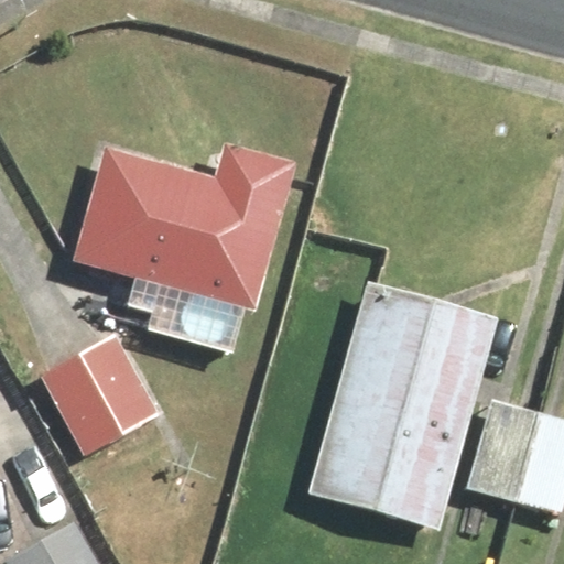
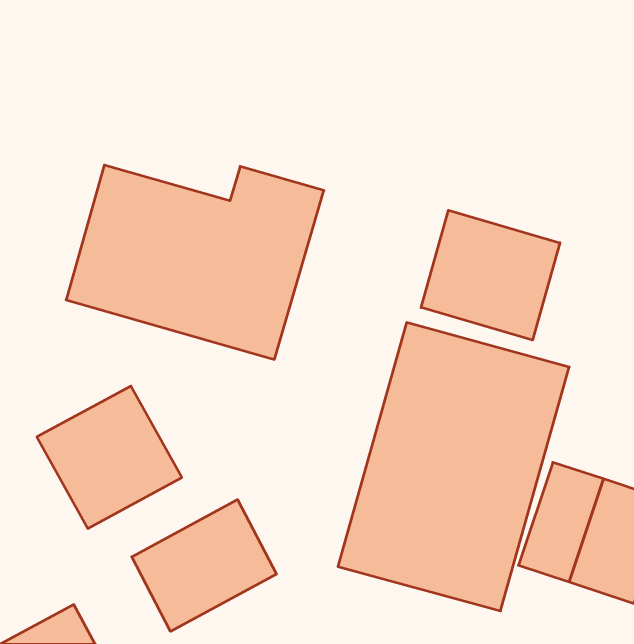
building: none -> [421,210,560,340]
building: none -> [132,500,276,631]

